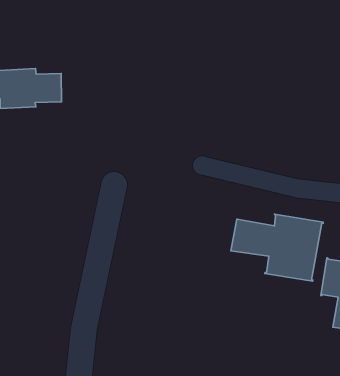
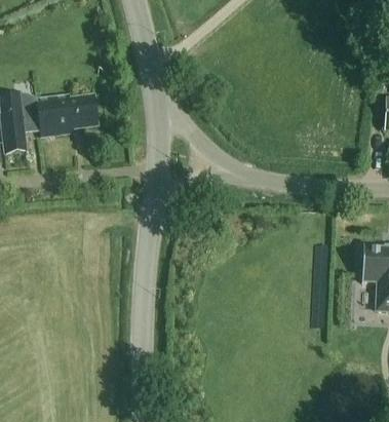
building: [231,214,323,281] -> none

